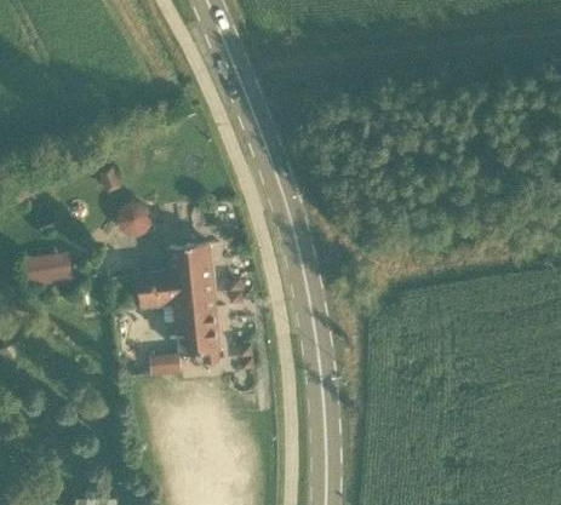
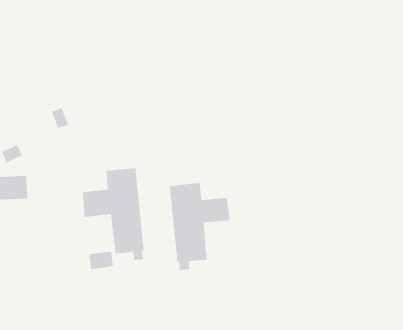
building: [118,202,154,239] -> none
building: none -> [169,182,230,271]

